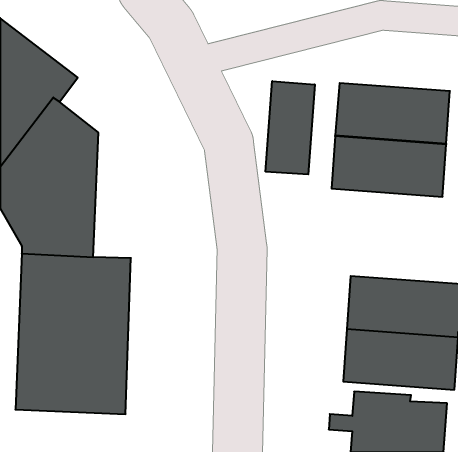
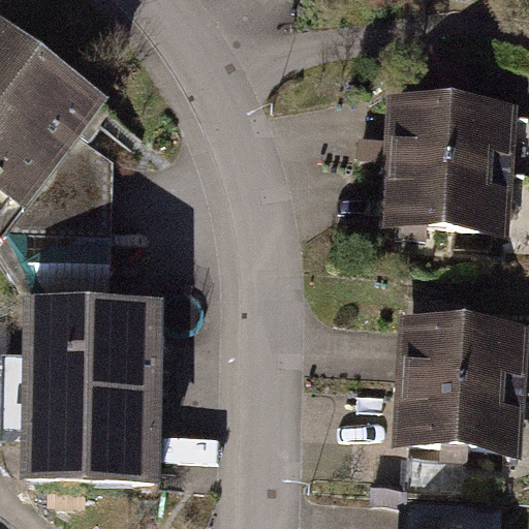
building: [266,81,315,174] -> none

